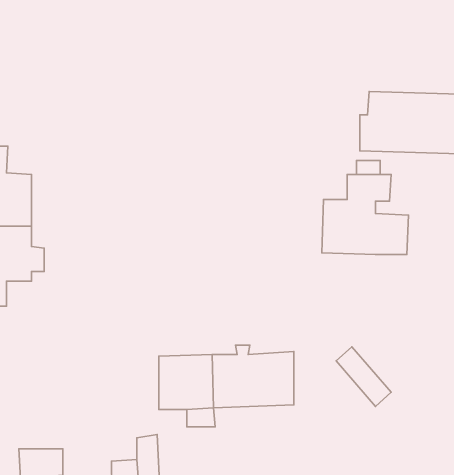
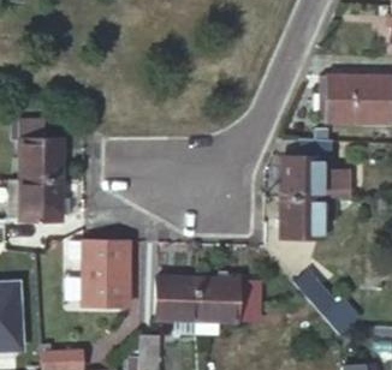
building: none -> [279,198,321,240]
building: none -> [66,237,126,305]

